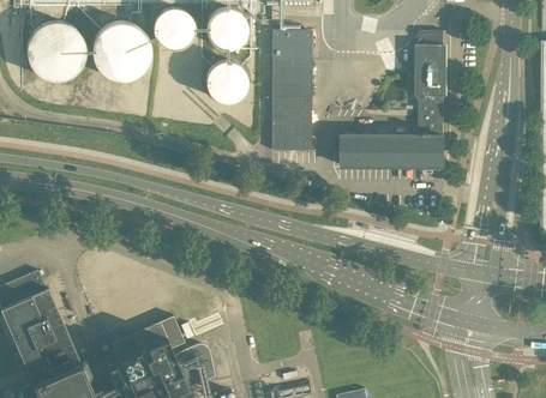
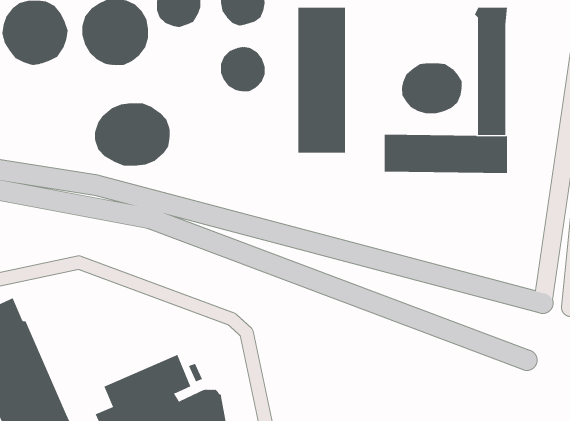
building: none -> [402,62,462,114]
building: none -> [95,102,170,167]

